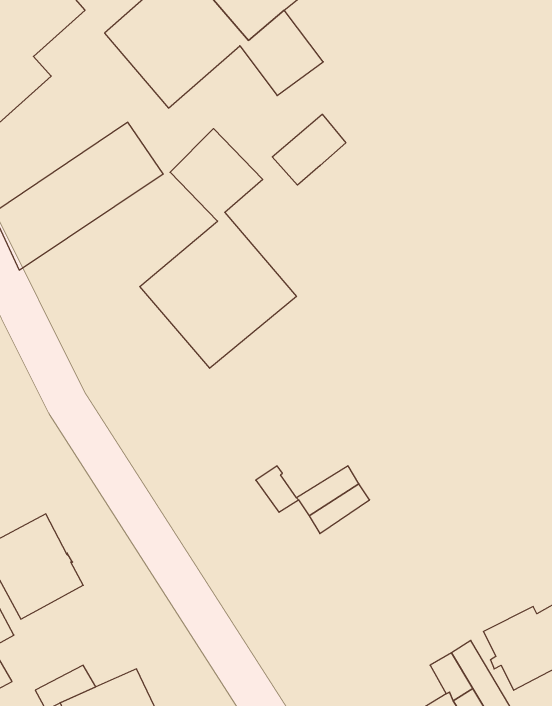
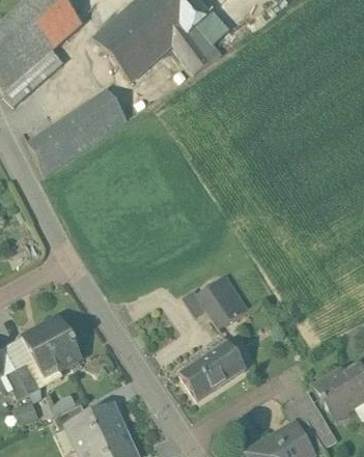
building: [272,114,346,185] -> none
building: [140,129,296,368] -> none
building: none -> [196,274,235,307]
building: none -> [179,341,246,399]

